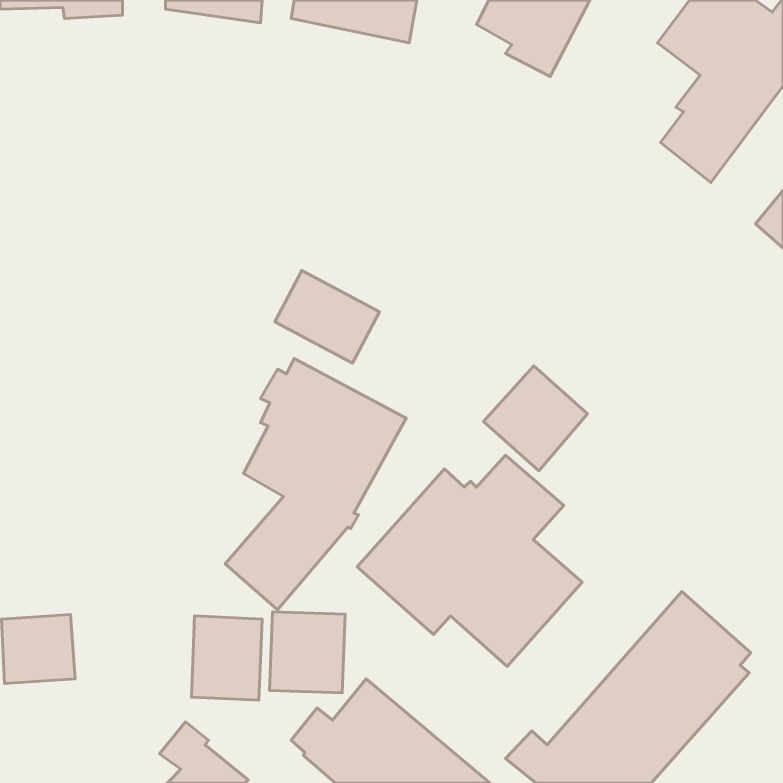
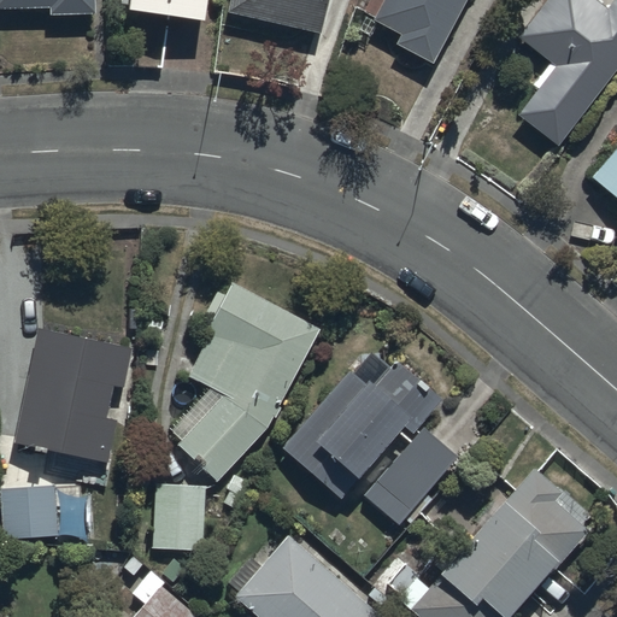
building: [275,270,379,363] -> none
building: [483,366,588,471] -> none
building: none -> [14,328,131,462]
building: [269,612,345,693] -> none

